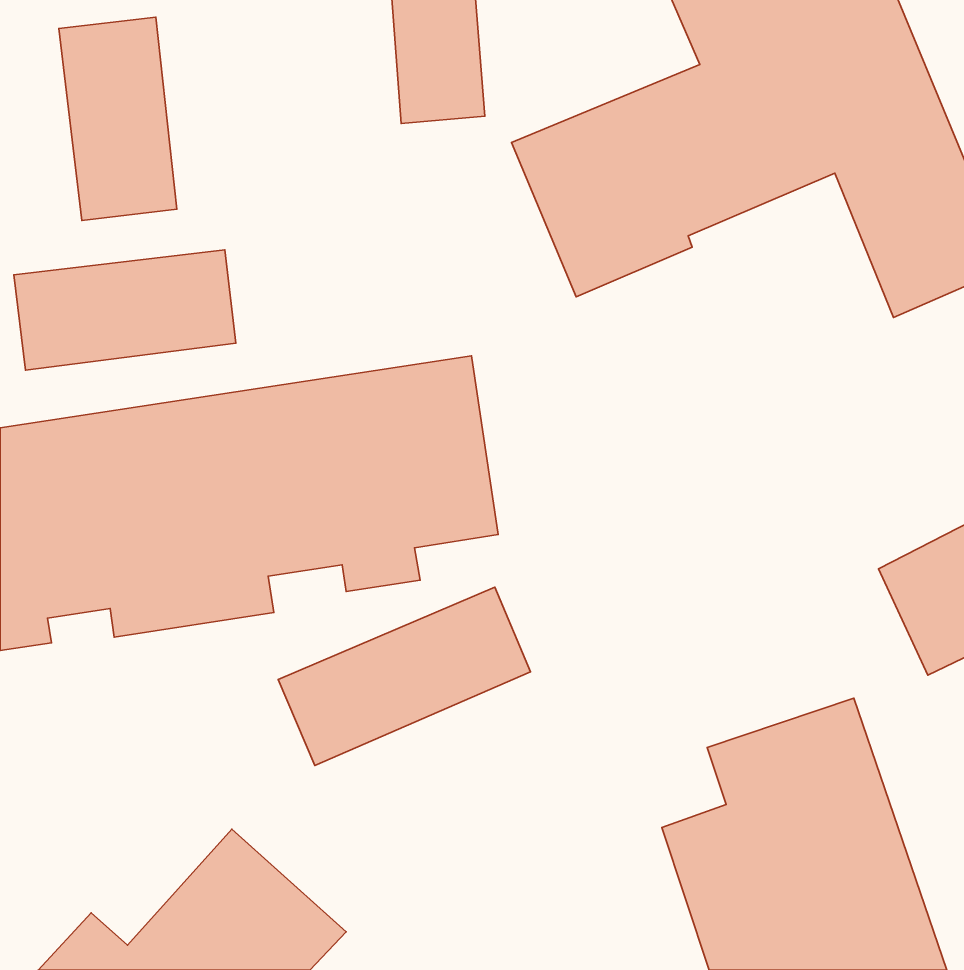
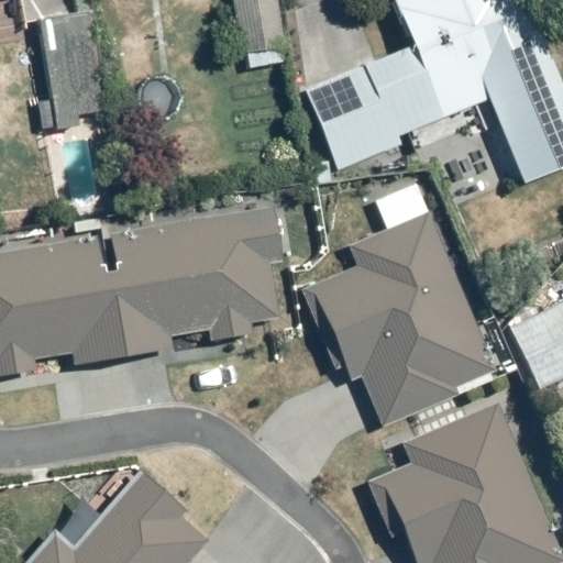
building: [14,250,236,370] -> none
building: none -> [309,180,497,424]
building: [278,587,531,765] -> none

